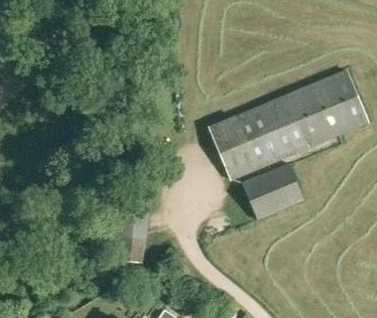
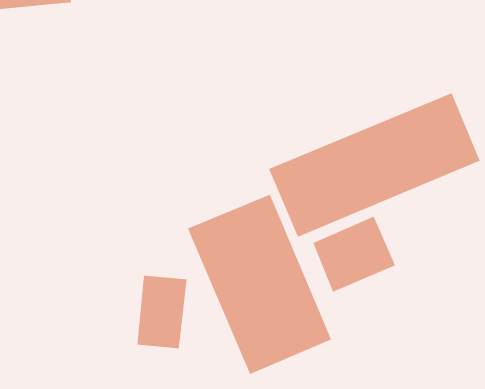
building: none -> [187,194,332,375]

